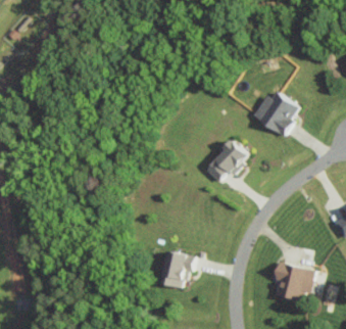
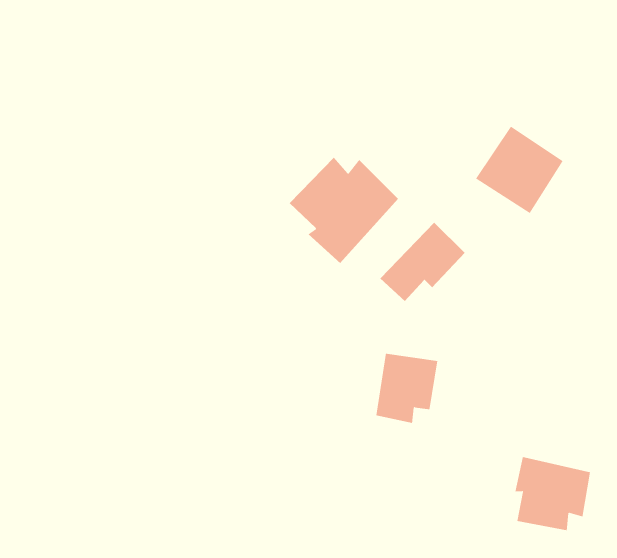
building: none -> [289,157,399,264]
building: [160,251,193,288] -> [375,353,438,423]

